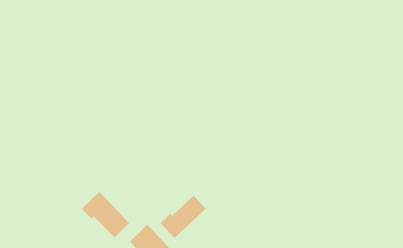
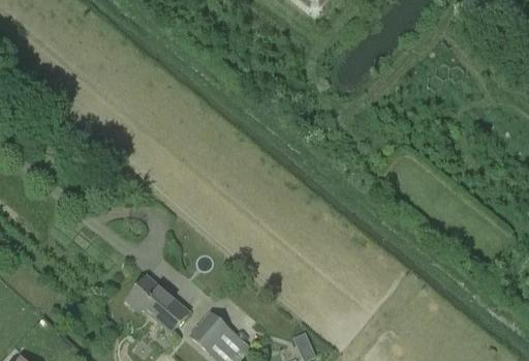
building: [160,195,206,239] -> none

